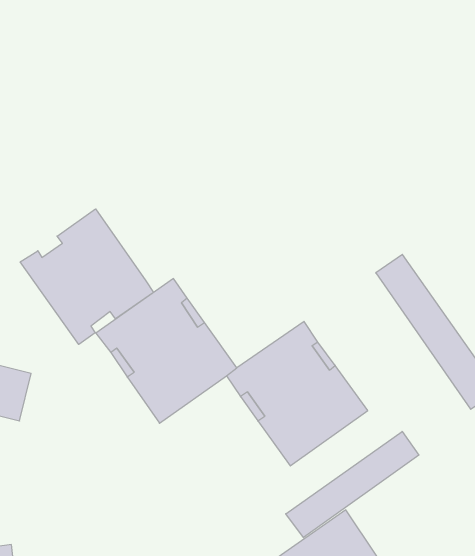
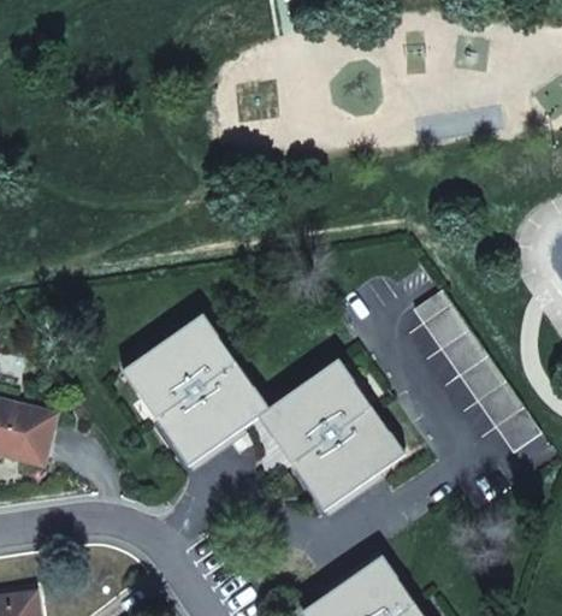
building: [20,209,154,344] -> none
building: [286,431,419,538] -> none

